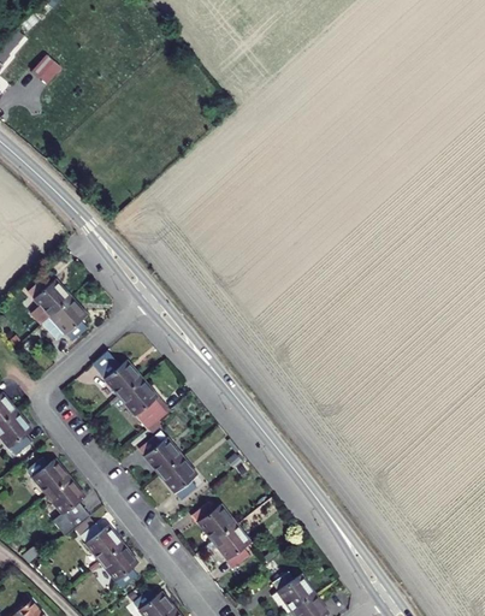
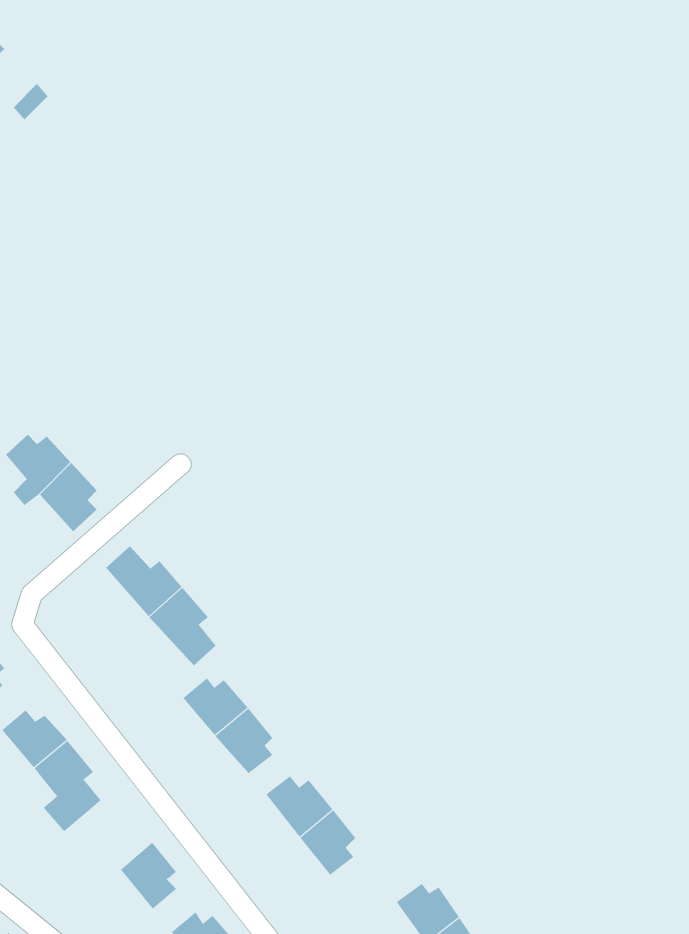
building: [81,523,123,562] -> none

